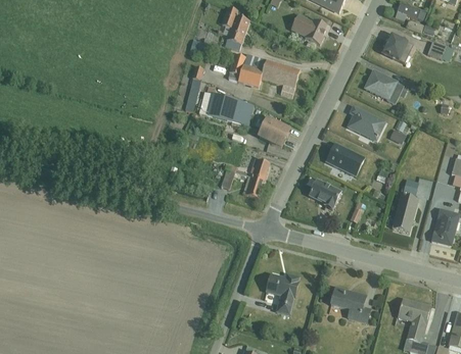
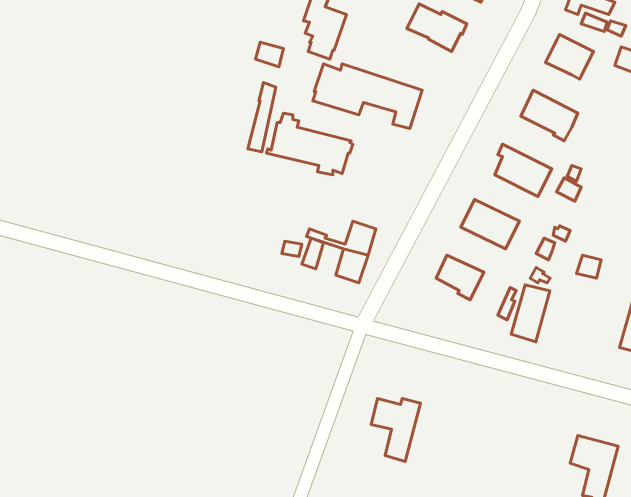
building: [256,116,290,148] -> none
building: [391,195,417,233] -> [511,285,550,342]
building: [330,288,370,323] -> none

